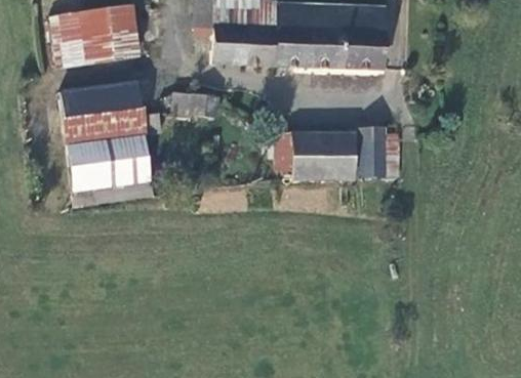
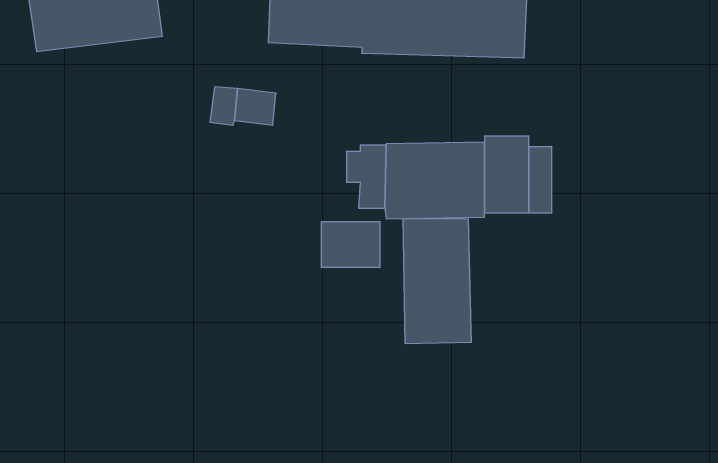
building: [59,78,165,206] -> none
building: none -> [403,219,471,344]
building: none -> [321,222,380,268]

